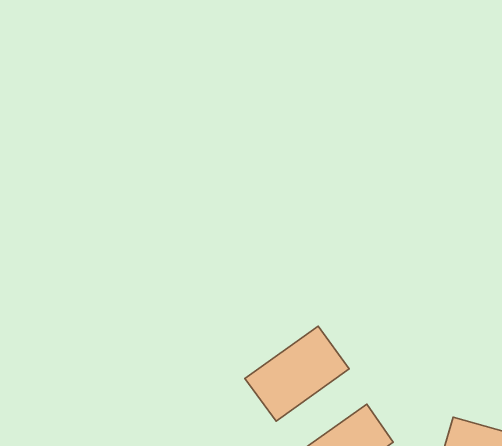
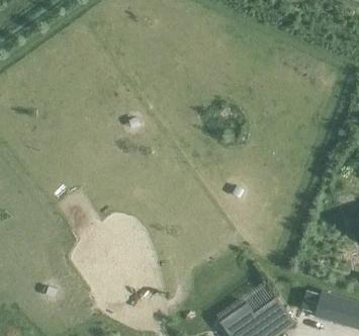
building: [245,326,349,421] -> none

